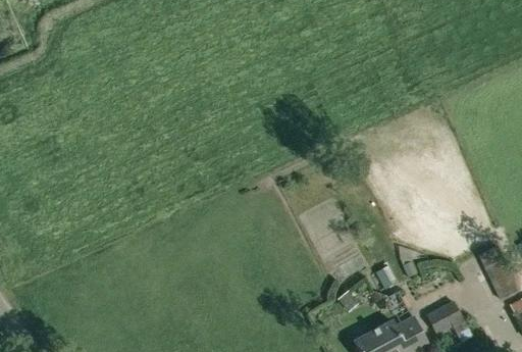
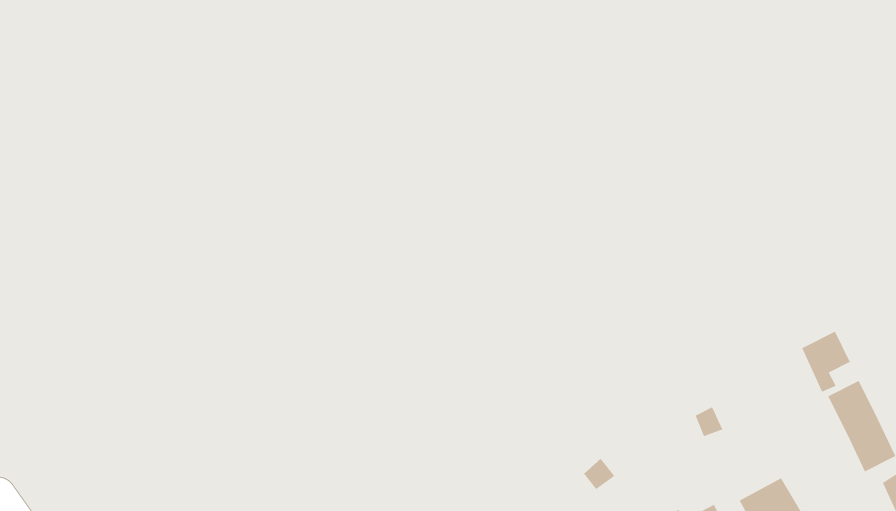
building: none -> [802,331,850,392]

